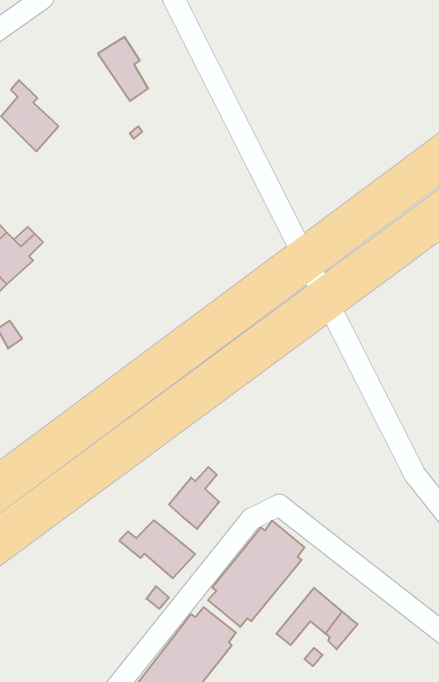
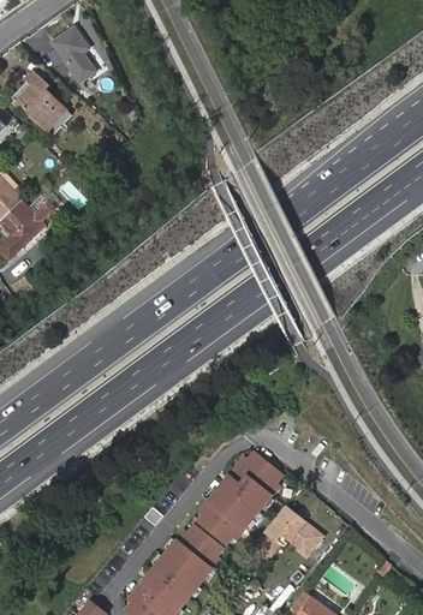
building: [98,37,148,101] -> [53,28,96,83]
building: [169,467,219,529] -> none
building: [119,520,195,578] -> none

